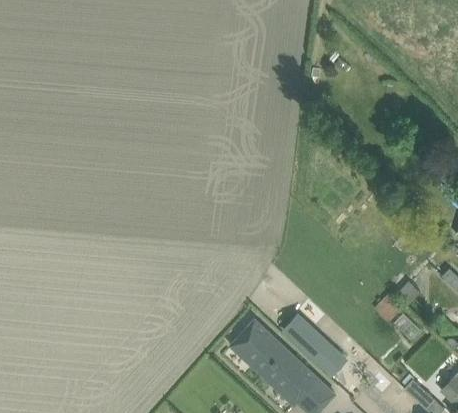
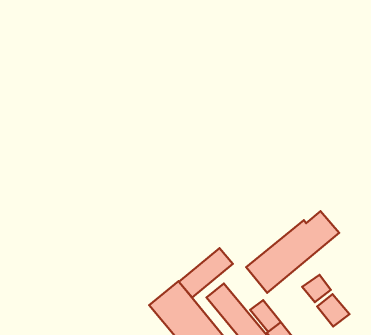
building: none -> [246,211,339,293]
building: none -> [179,248,233,297]

